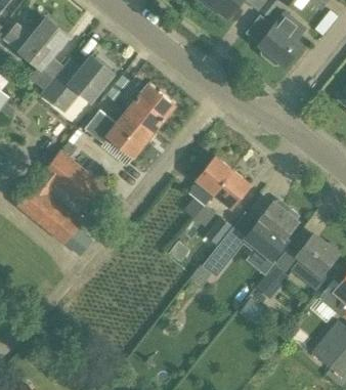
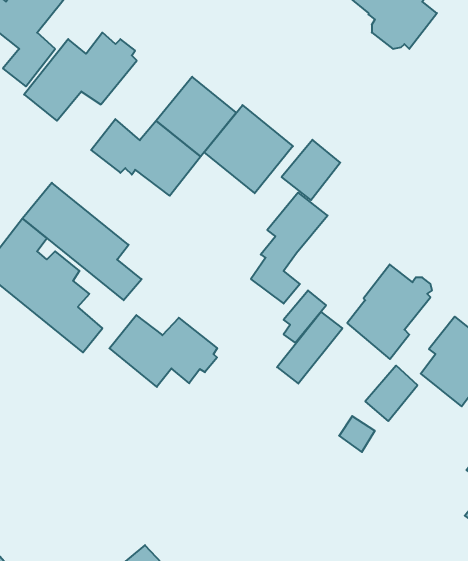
building: none -> [204,105,293,193]
building: [213,171,250,209] -> [282,140,340,200]
building: none -> [109,315,217,387]

